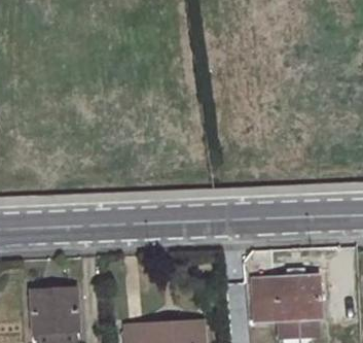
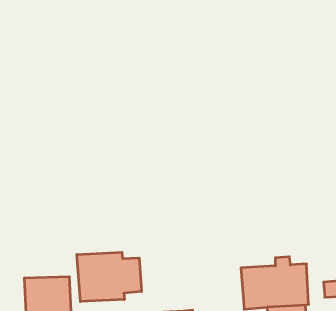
building: none -> [77,252,141,302]

